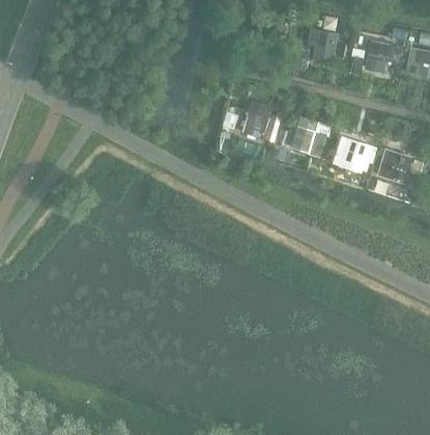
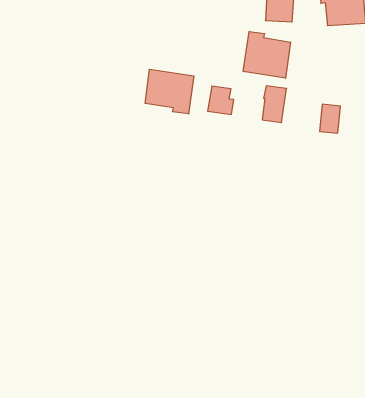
building: none -> [243,31,290,78]
building: none -> [145,69,194,114]

